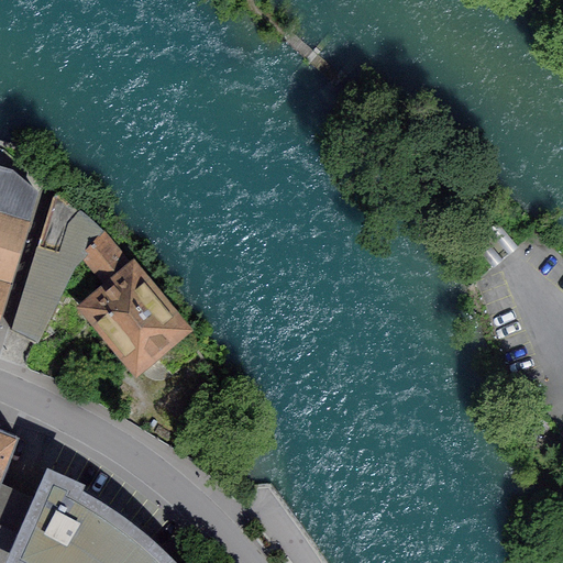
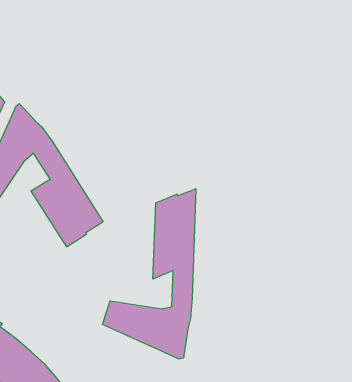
building: none -> [103,189,196,359]

